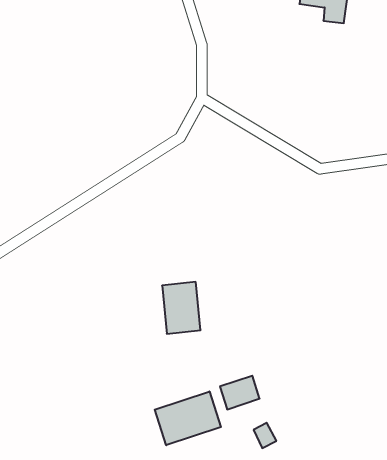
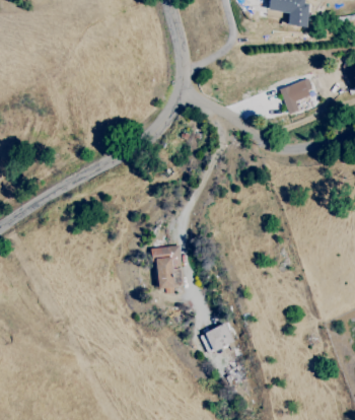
building: none -> [281,78,315,115]
building: [155,391,221,445] -> none

